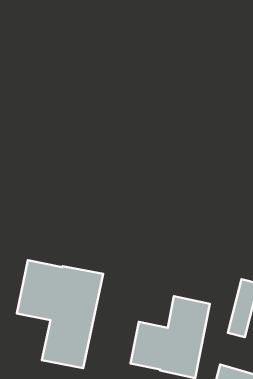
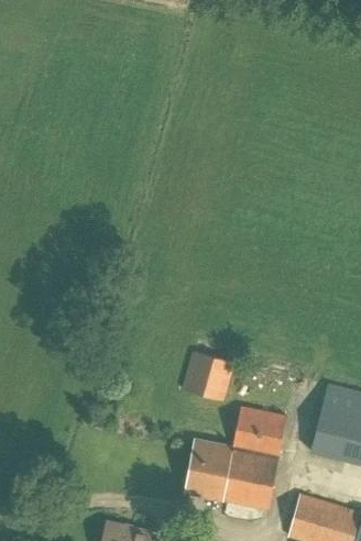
building: none -> [183,351,236,401]
building: [17,260,103,368] -> none

